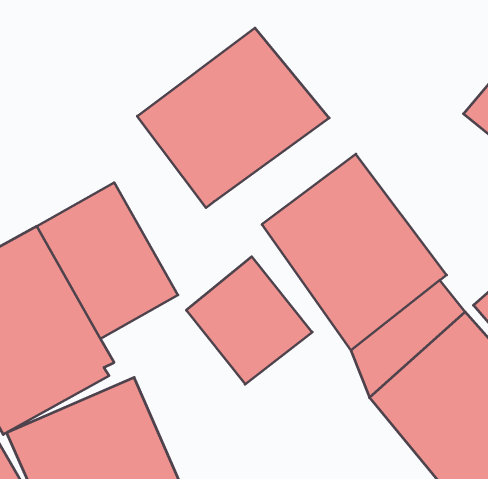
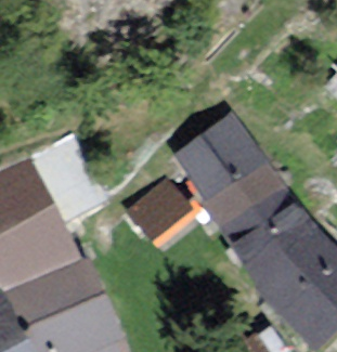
building: [137,28,329,208] -> none

